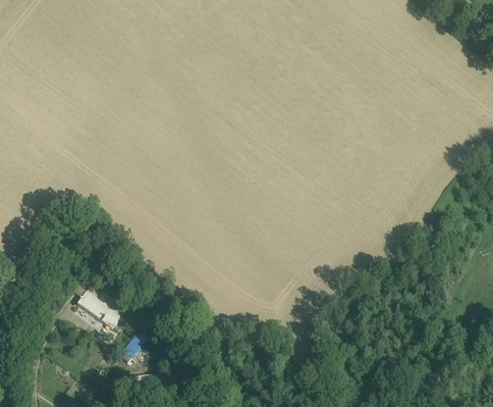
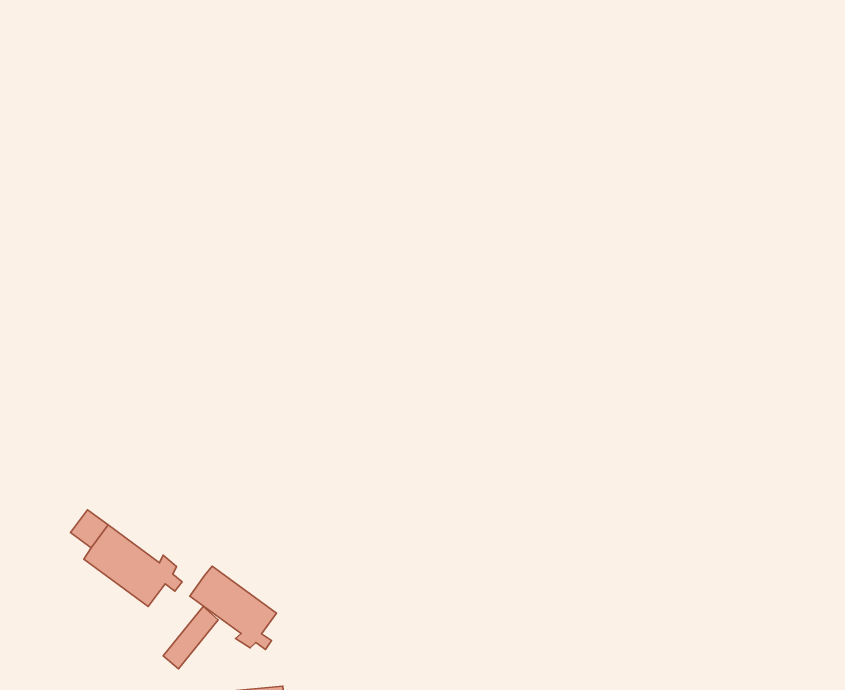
building: none -> [190,566,276,649]

